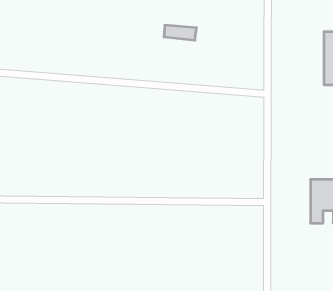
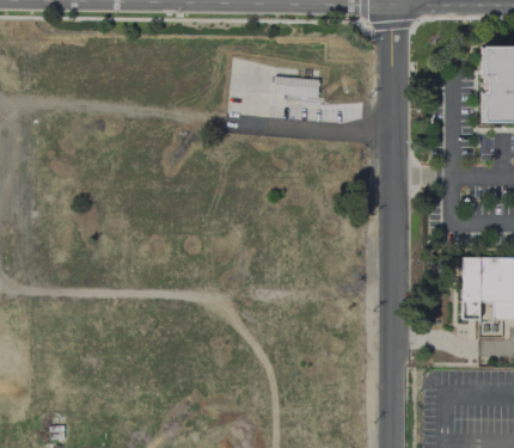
building: [164,25,197,40] -> [274,76,320,98]

